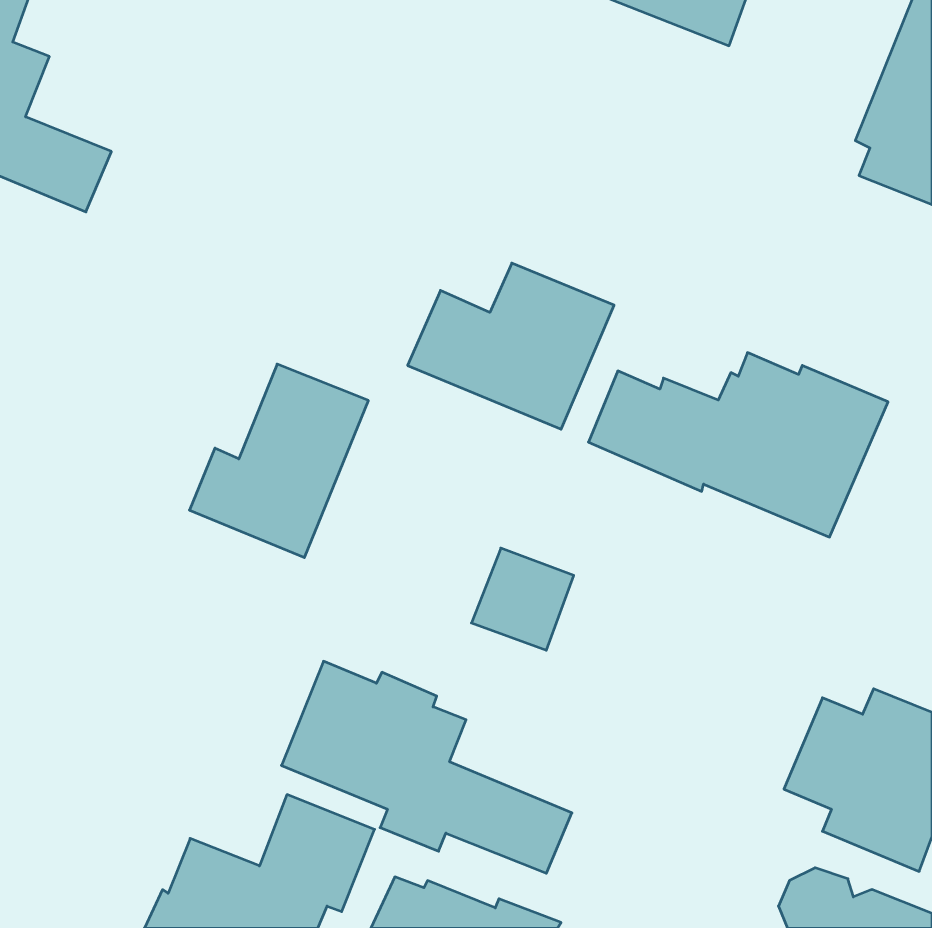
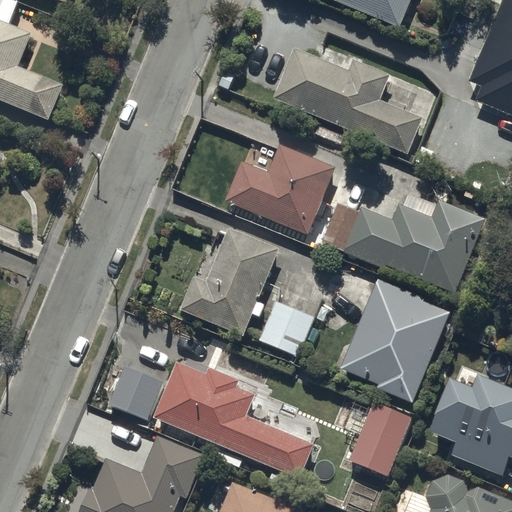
building: none -> [270,43,422,151]
building: [189,364,368,558] -> [180,229,278,335]
building: none -> [341,279,449,402]
building: none -> [108,368,162,421]
building: none -> [348,402,411,477]

